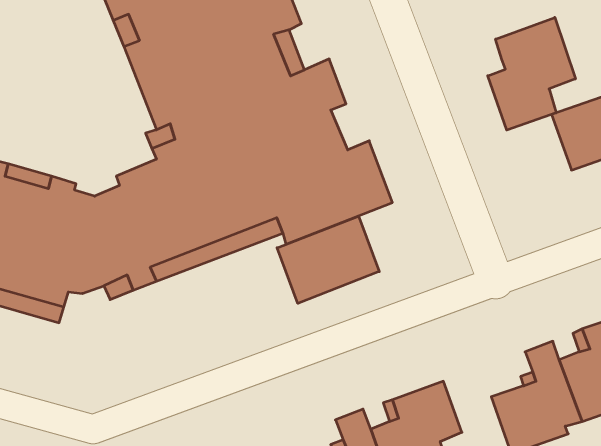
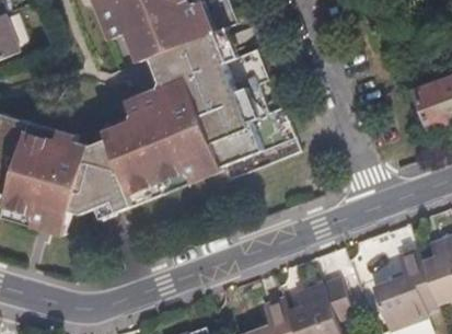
building: [488,17,575,130] -> none
building: [277,216,379,303] -> none

